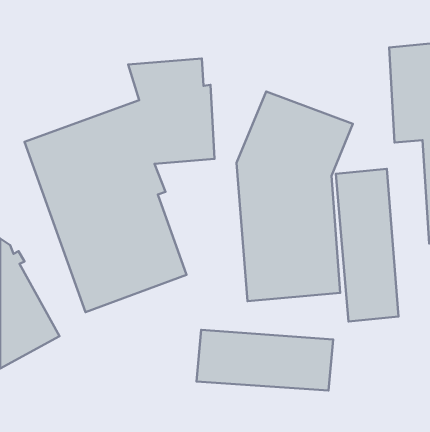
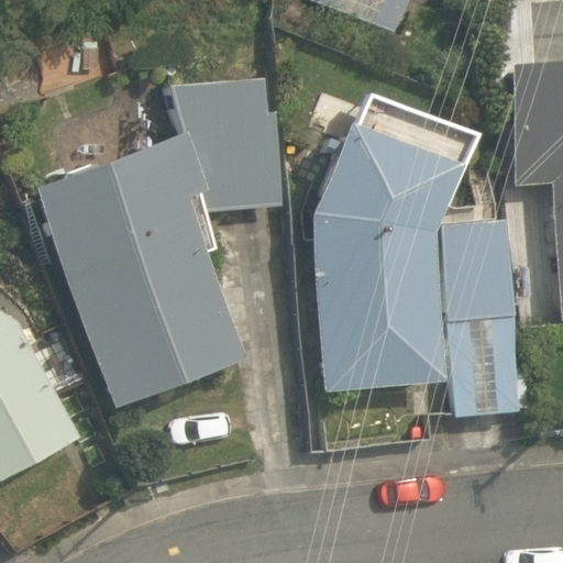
building: [196,330,333,390] -> none

